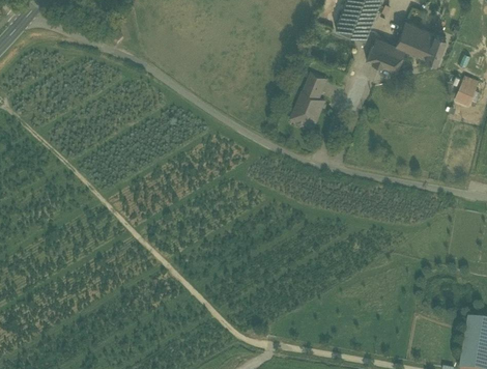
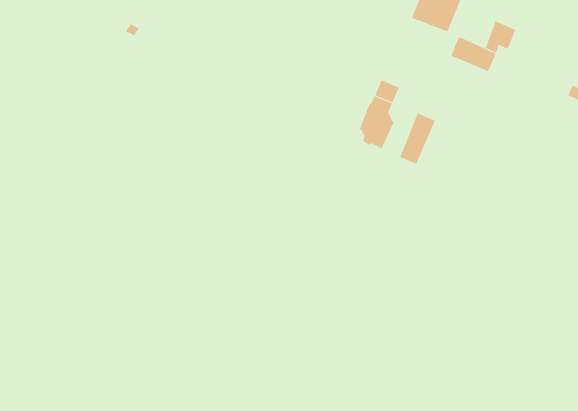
building: [401,20,445,62] -> none
building: none -> [399,113,435,165]

